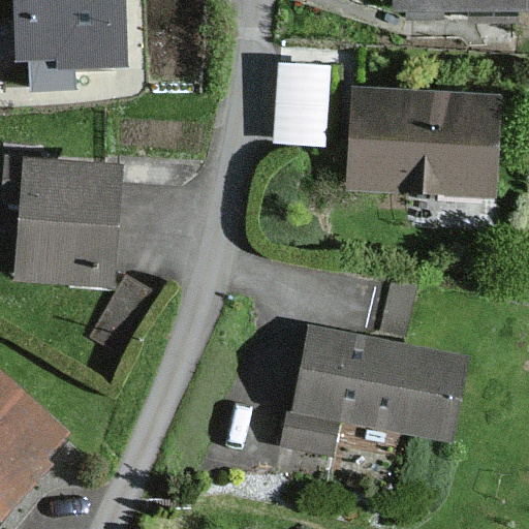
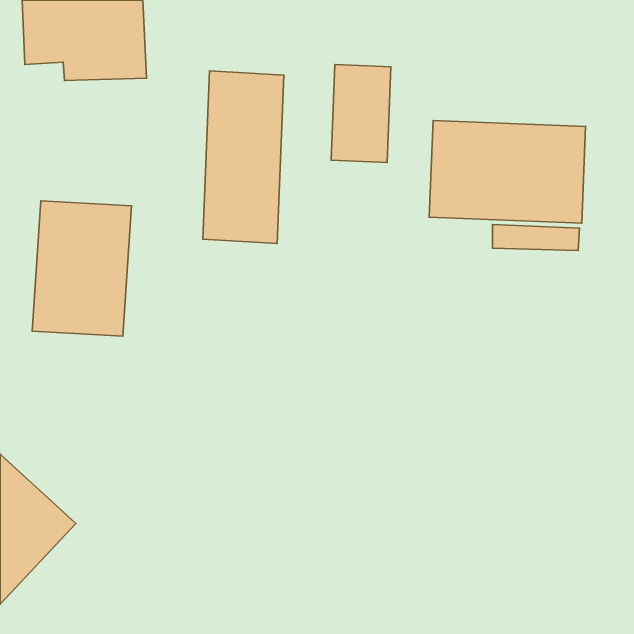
building: none -> [203,71,284,244]
building: [305,334,457,435] -> none

